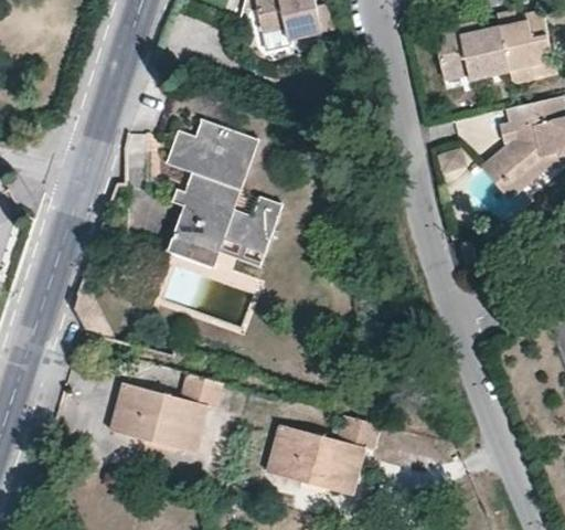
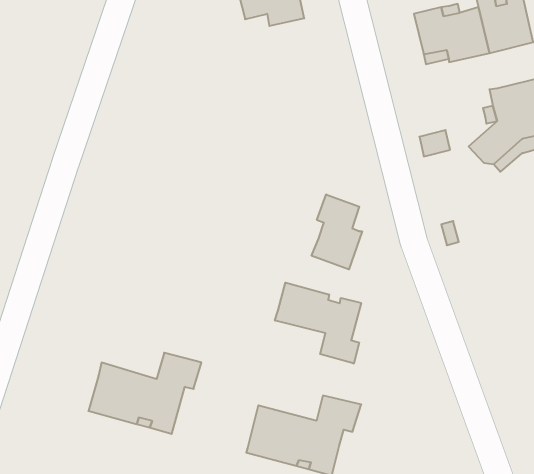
building: [167,119,284,268] -> none
building: none -> [312,194,362,269]
building: none -> [275,283,361,364]

